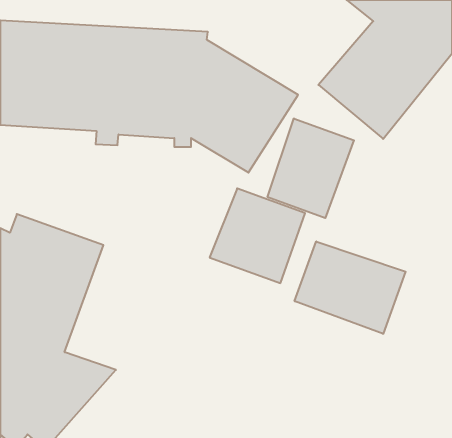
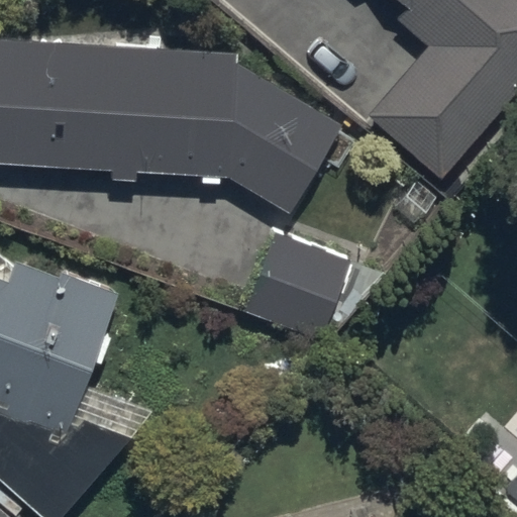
building: [267,118,354,218] -> none
building: [295,241,406,334] -> none

